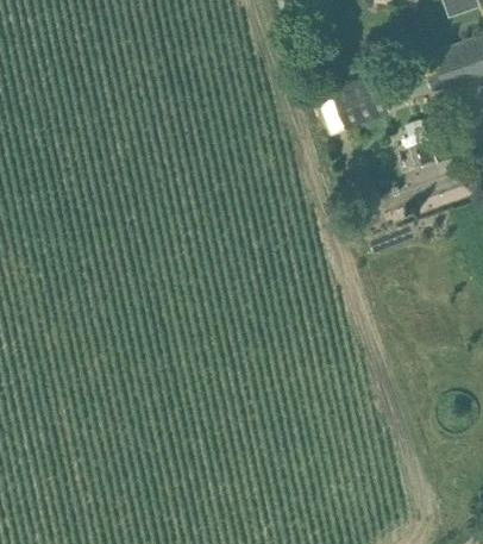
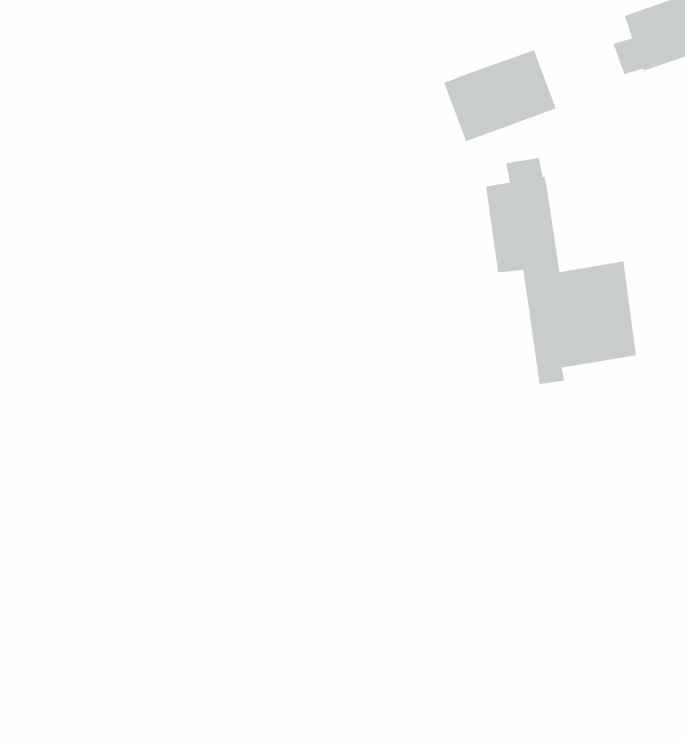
building: none -> [485,157,637,385]

